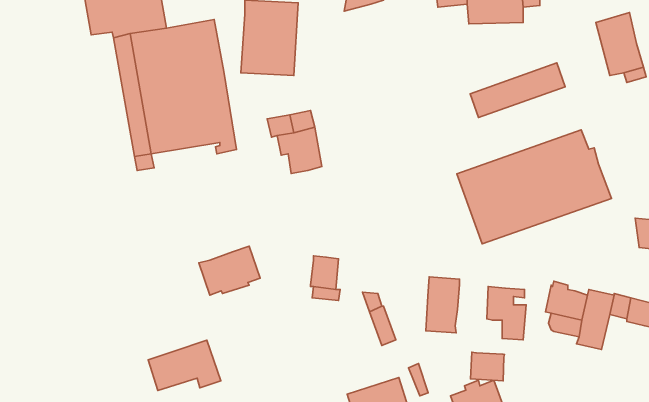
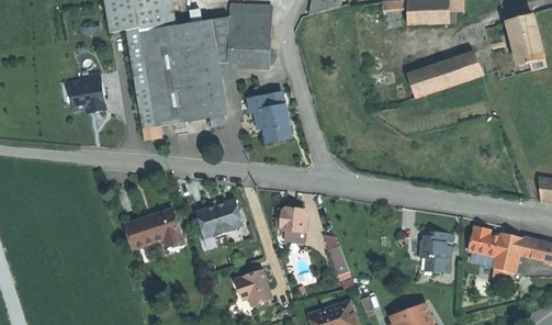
building: none -> [206,15,230,61]
building: none -> [69,71,105,111]
building: [457,130,611,244] -> none
building: [426,277,460,333] -> none
building: none -> [237,270,271,304]
building: [148,340,221,391] -> [125,208,182,247]
building: [470,352,504,381] -> none

